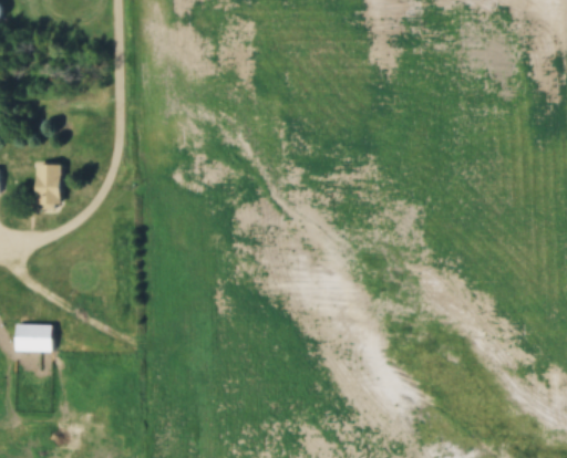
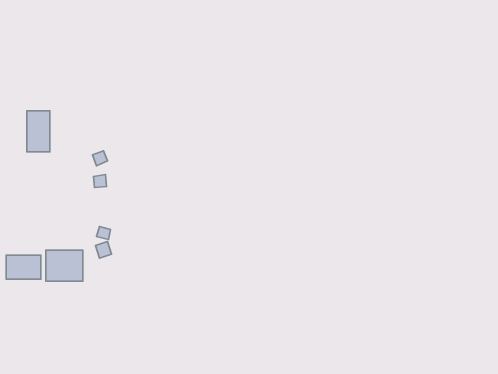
building: none -> [46,250,83,281]

